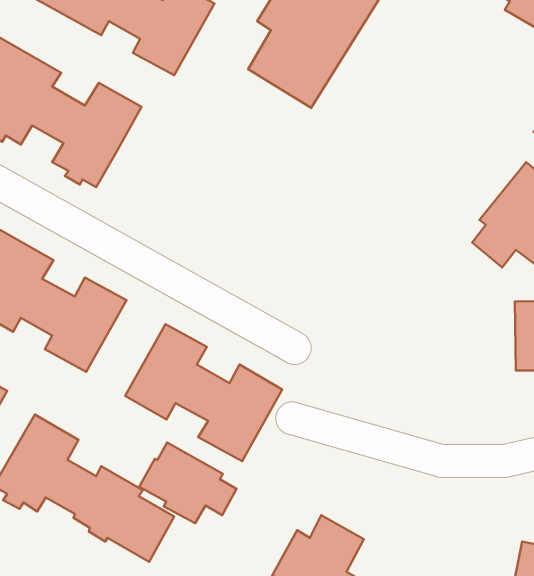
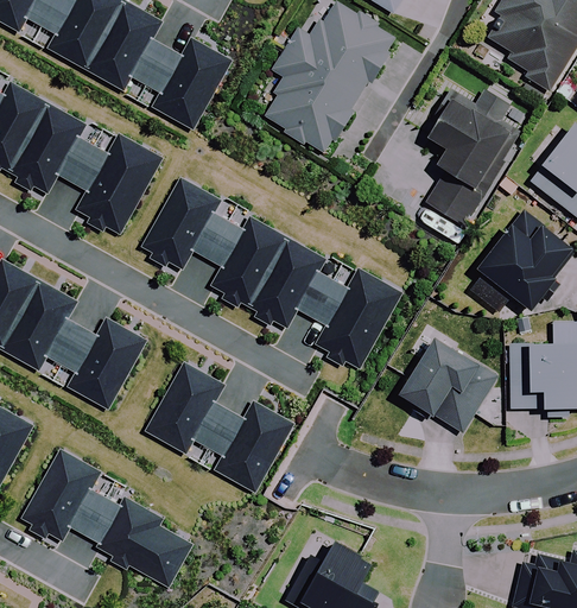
building: none -> [423,90,520,230]
building: none -> [141,178,400,368]
building: none -> [405,335,500,431]
building: [139,443,236,523] -> none

